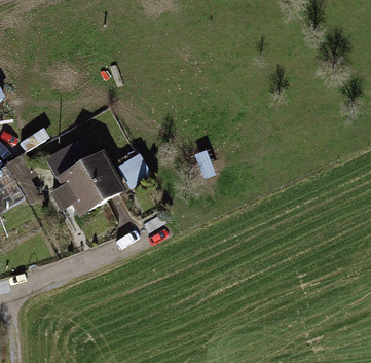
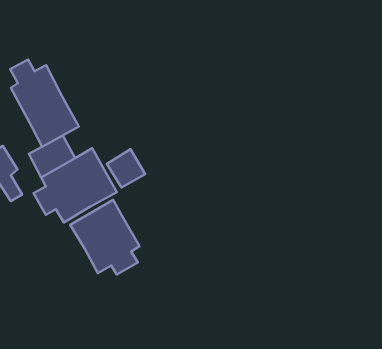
building: none -> [10,59,79,147]
building: none -> [70,200,140,275]

